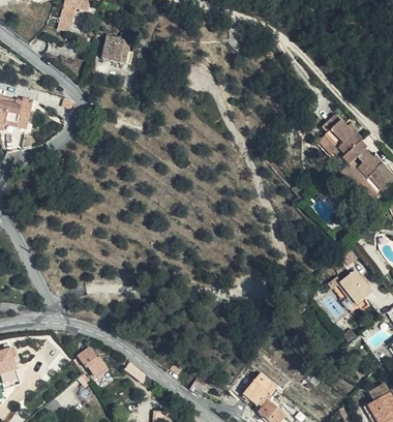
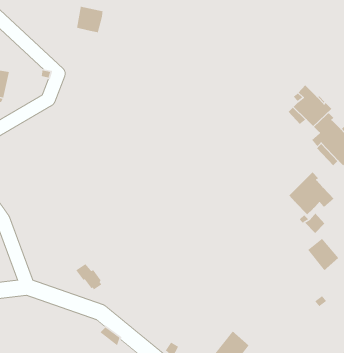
building: none -> [288,172,335,215]
building: [73,349,101,376] -> [75,263,102,290]

